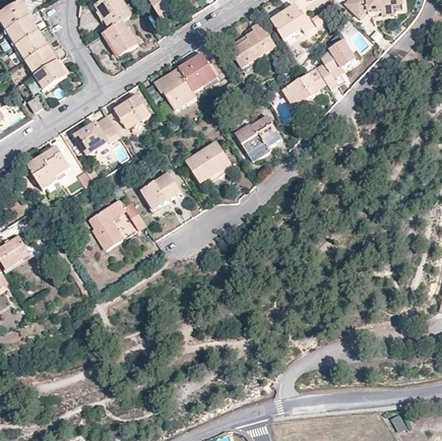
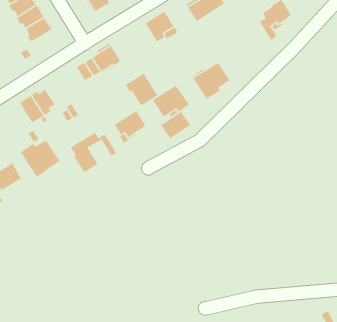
building: [281,65,325,111] -> none
building: [154,67,195,108] -> [125,73,159,107]
building: [73,120,108,153] -> none
building: none -> [160,111,191,140]
building: none -> [20,140,60,178]

